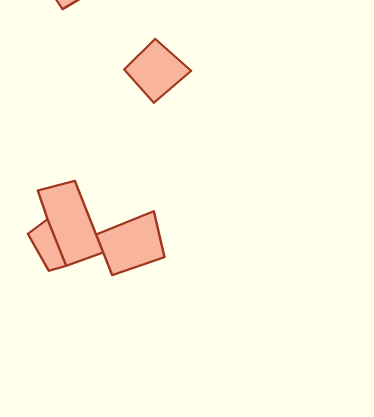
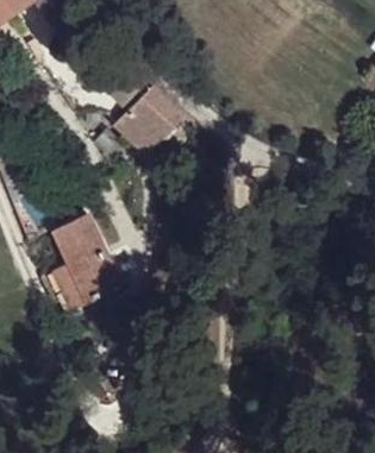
building: [96,211,164,275] -> none

